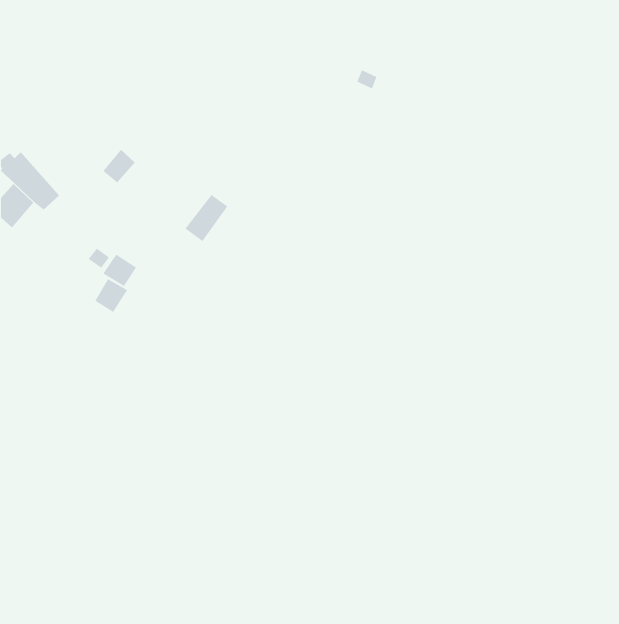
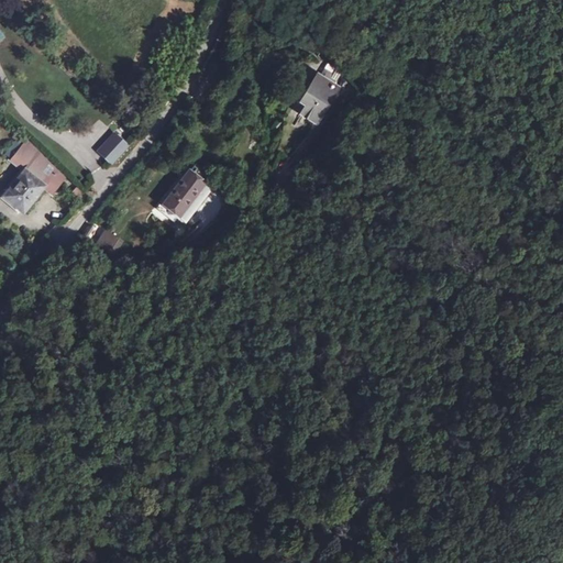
building: none -> [300,79,335,126]
building: [95,278,128,313] -> none

